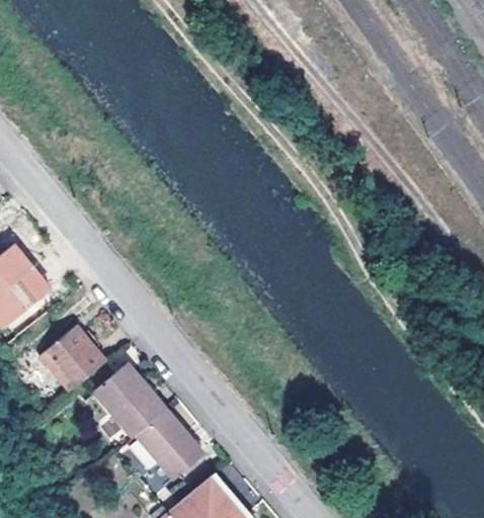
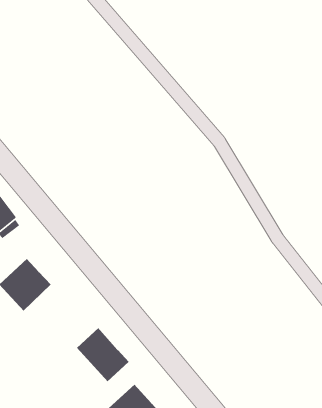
building: [91,364,163,438] -> none

